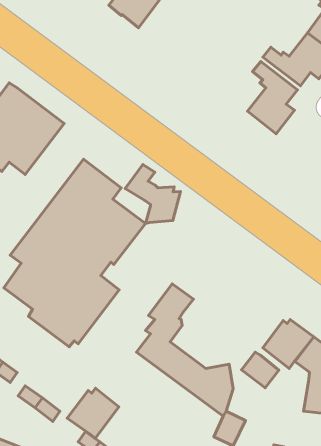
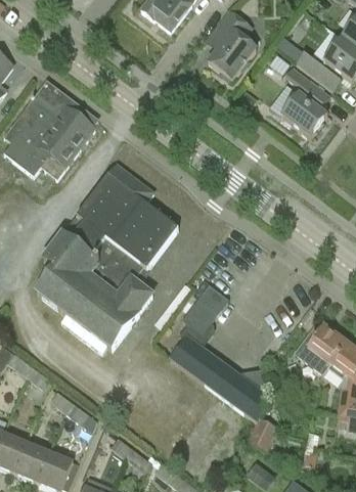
building: none -> [205,9,256,80]
building: [125,165,181,224] -> none
building: [242,352,279,388] -> none
building: [67,388,119,439] -> none

